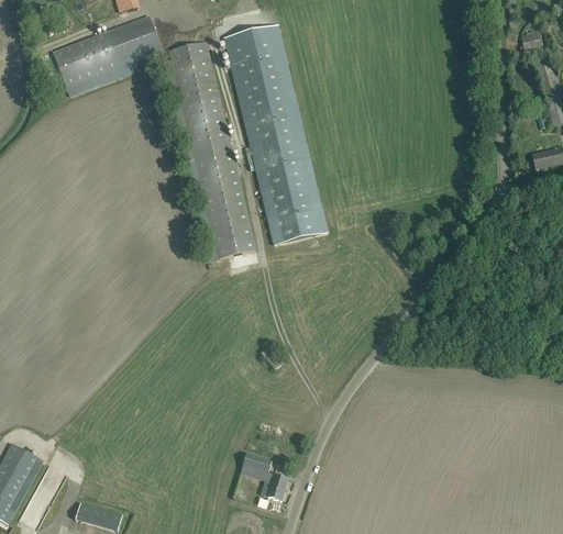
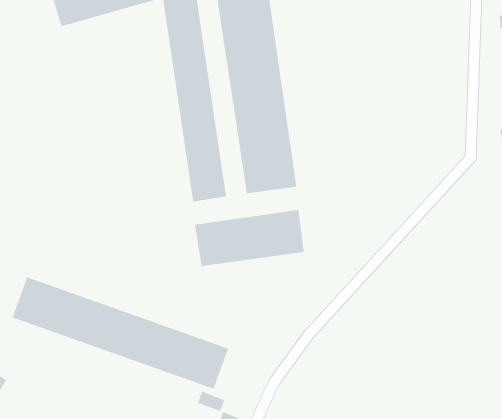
building: none -> [195,209,304,267]
building: none -> [12,276,229,390]

